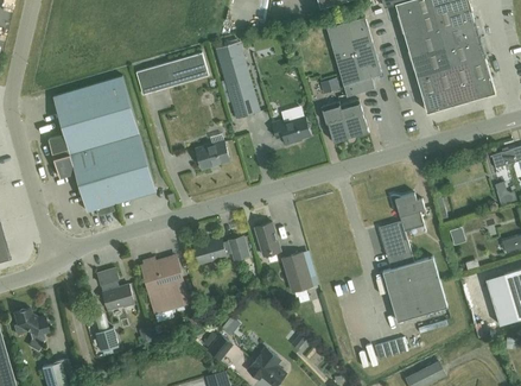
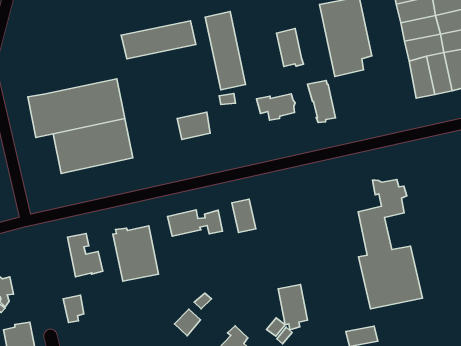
building: [53,76,134,135] -> none
building: [341,100,369,138] -> [276,28,303,67]
building: [282,253,313,298] -> [278,284,308,330]

